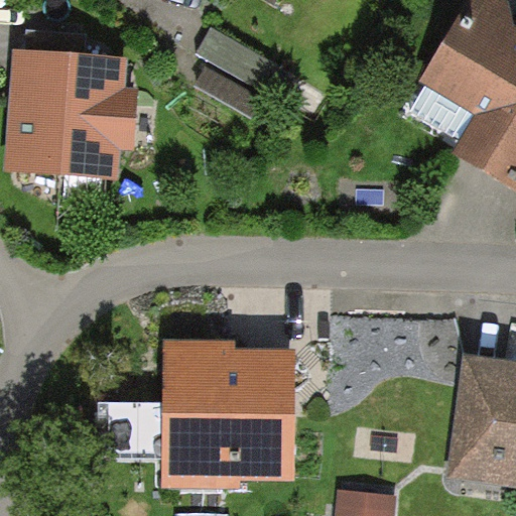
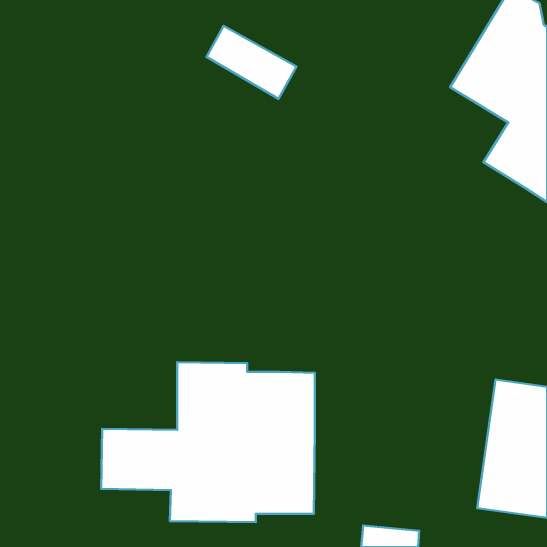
building: [7,52,131,175] -> none

